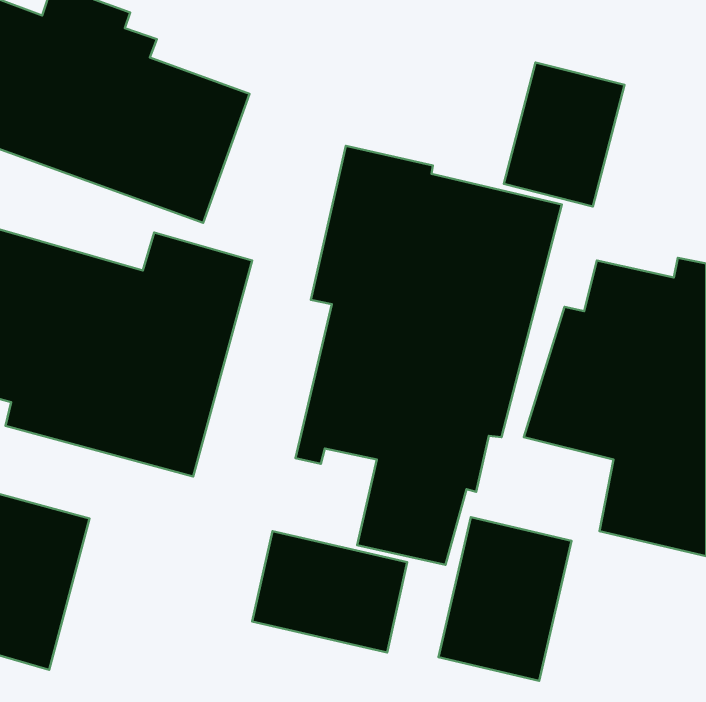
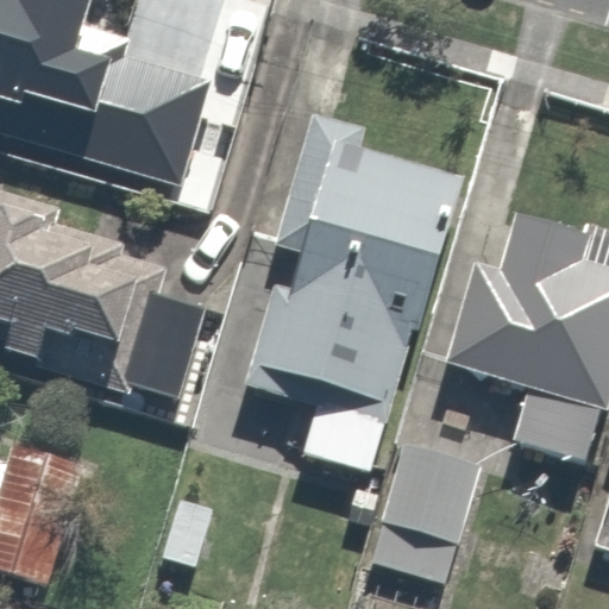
building: [504,62,624,206] -> none
building: [252,531,407,653] -> none

